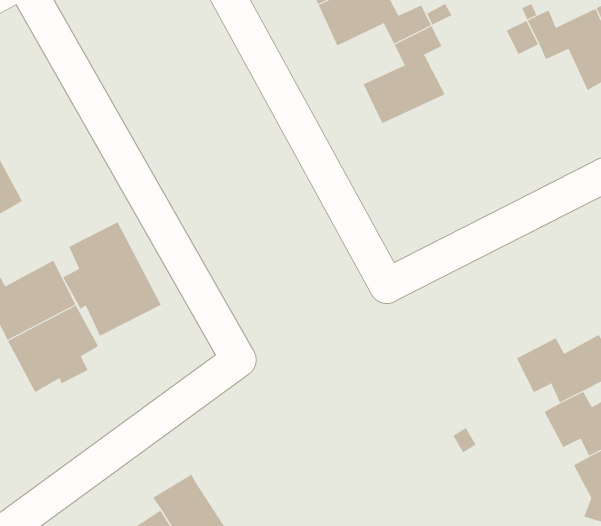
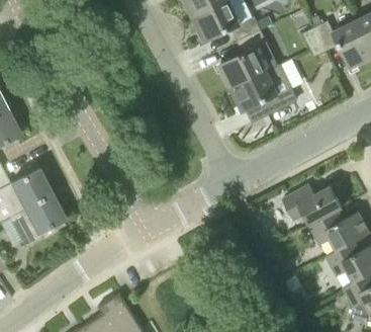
building: none -> [231,65,297,114]
building: [62,222,161,336] -> none
building: none -> [283,184,344,226]

